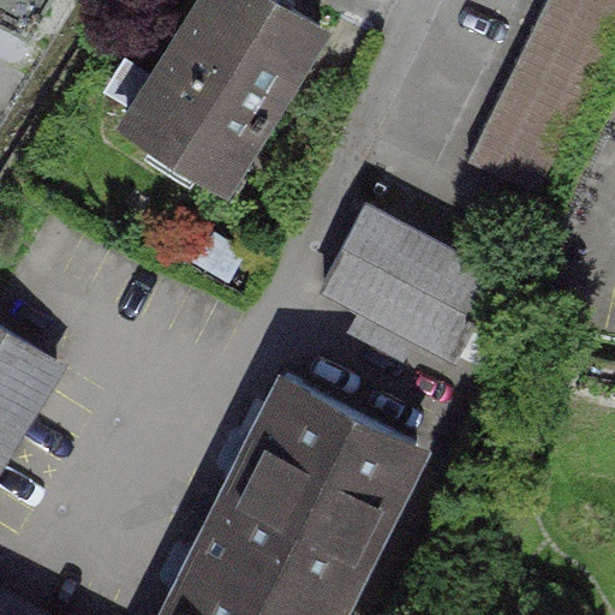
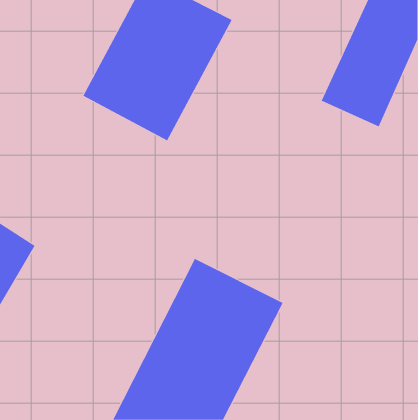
building: [312,203,497,368] -> none

